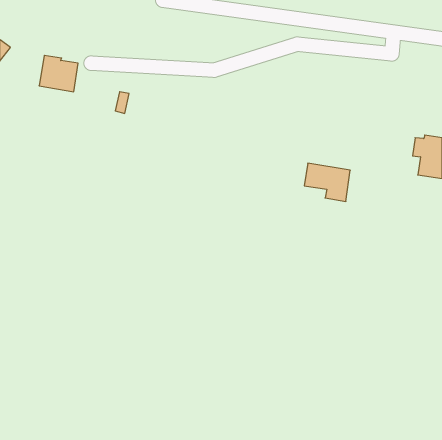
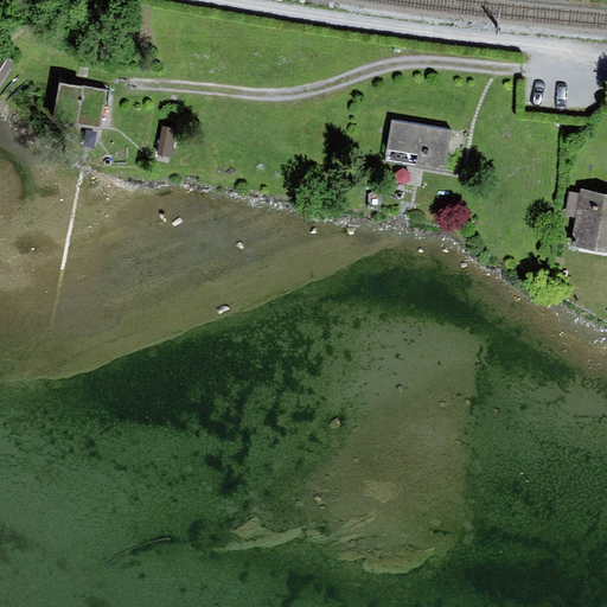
building: [304,163,350,201] -> [388,120,451,172]

